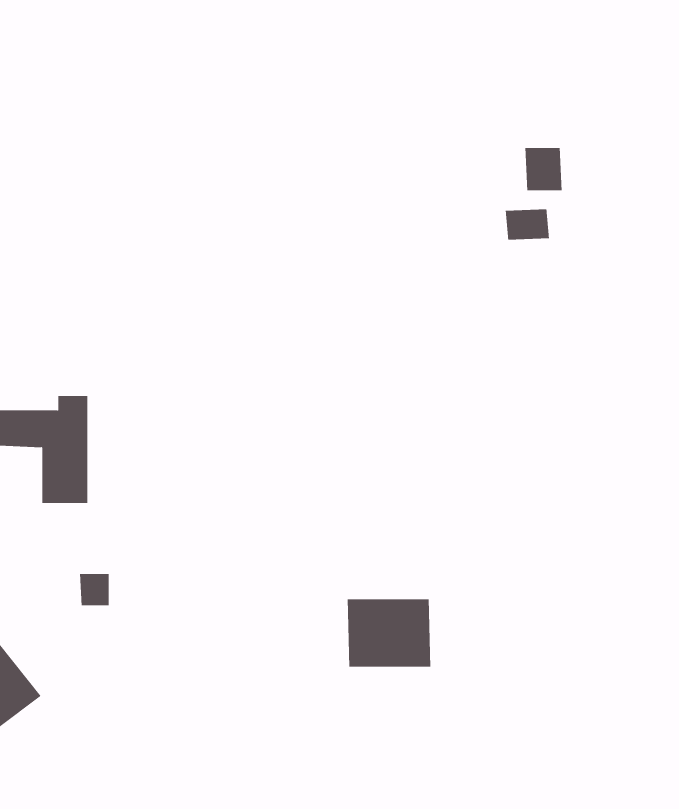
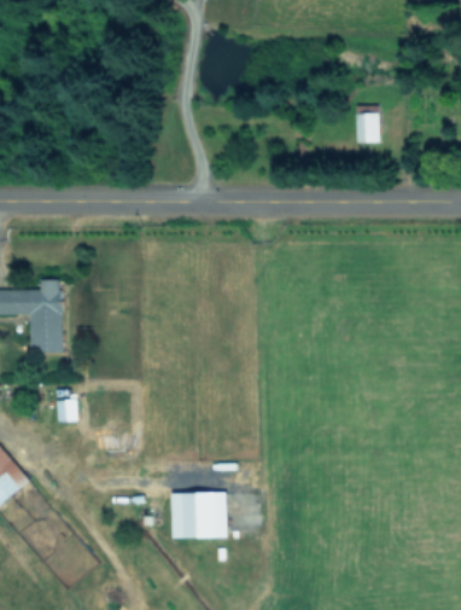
building: [505,208,550,241] -> none
building: [347,599,431,667] -> [170,493,227,539]

